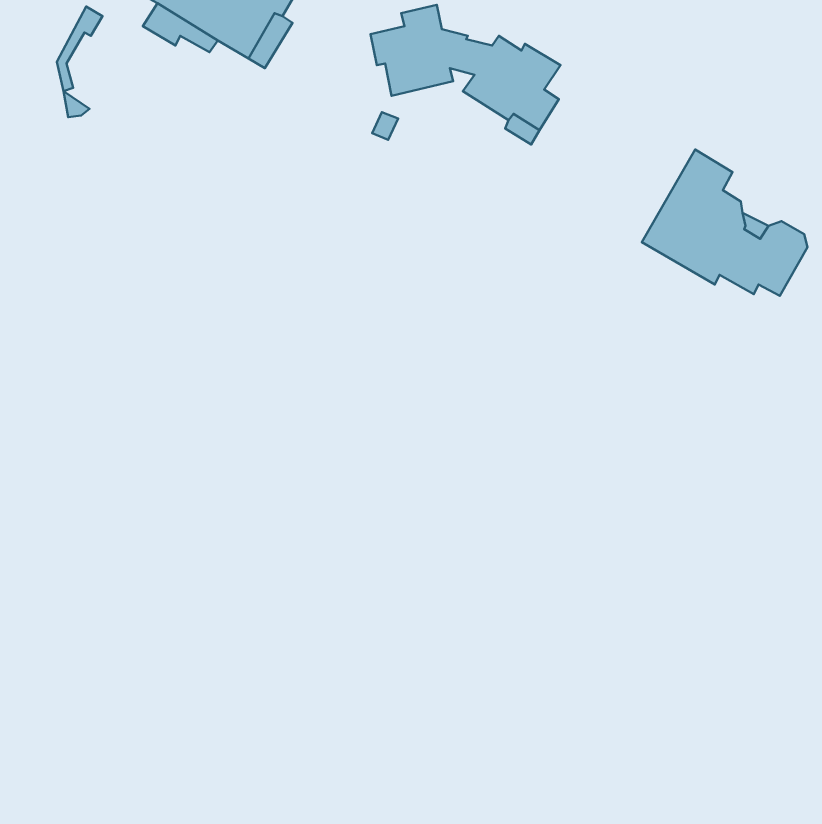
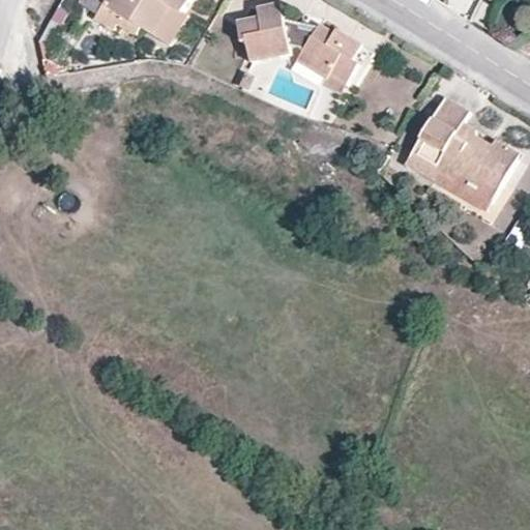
building: none -> [404,154,497,211]

